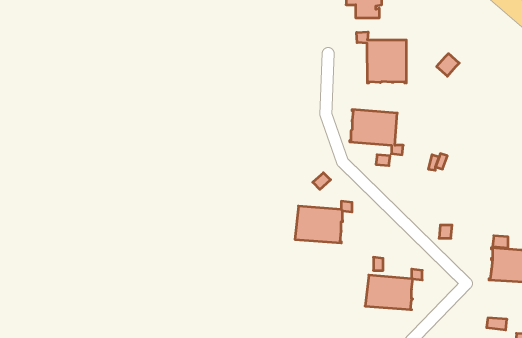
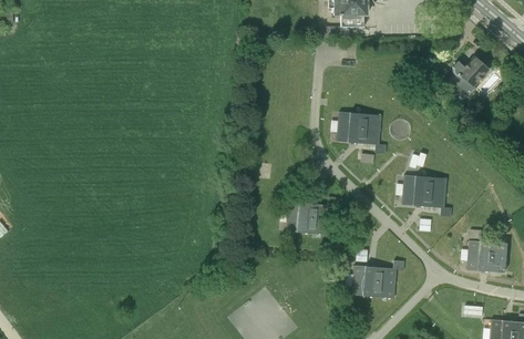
building: [357,32,406,83] -> none
building: none -> [449,58,489,97]
building: none -> [402,175,452,217]

